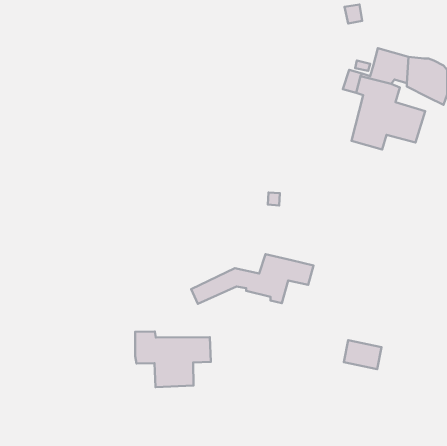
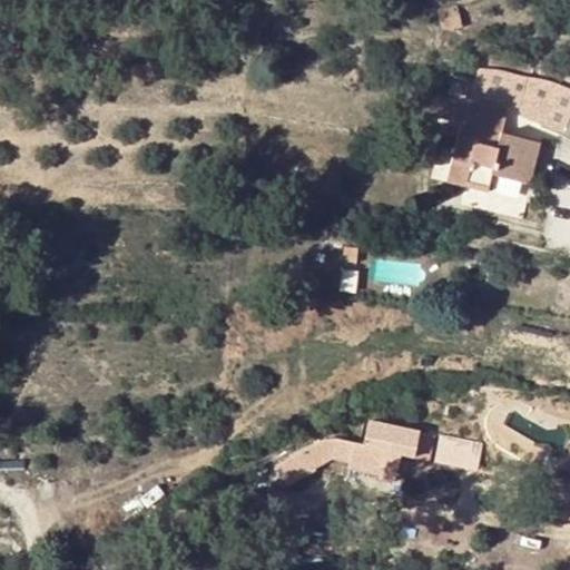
building: [191,254,313,304] -> [278,421,434,484]
building: [135,332,211,387] -> none

